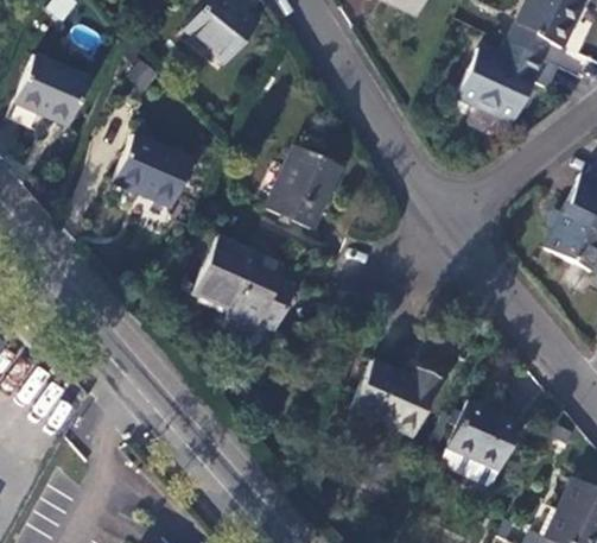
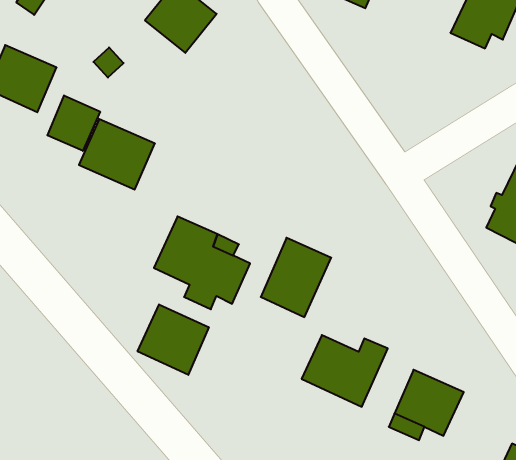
building: [457,42,558,122] -> none
building: none -> [47,95,100,151]
building: [267,145,342,229] -> [261,238,331,317]
building: none -> [138,304,209,375]

